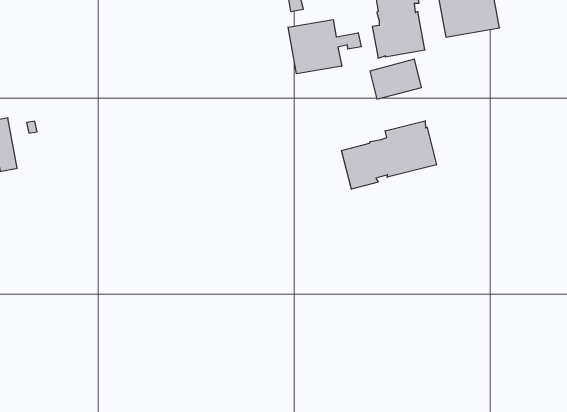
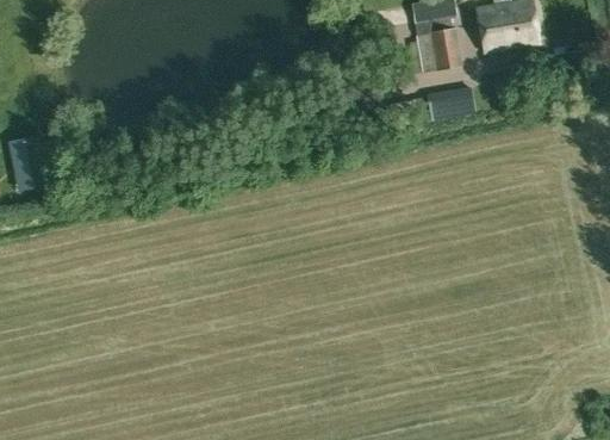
building: [288,20,361,74] -> none
building: [342,121,436,189] -> none

